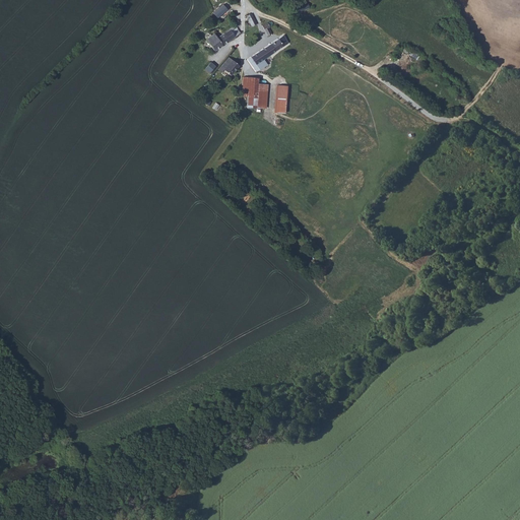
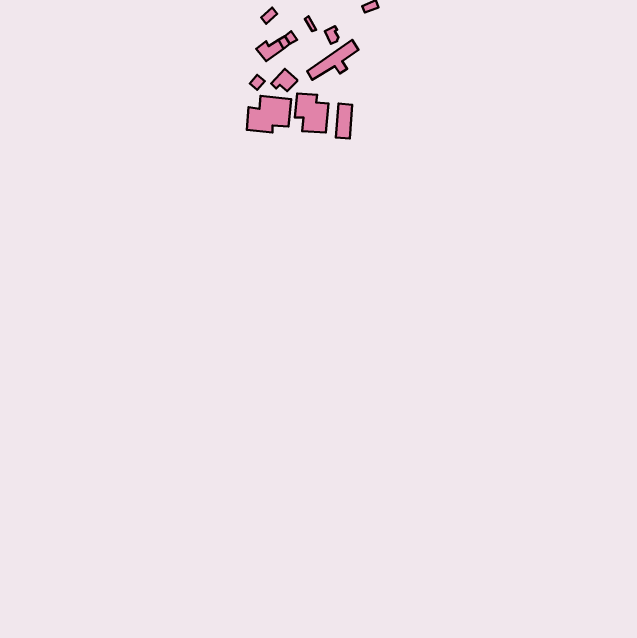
building: none -> [247,96,291,133]

